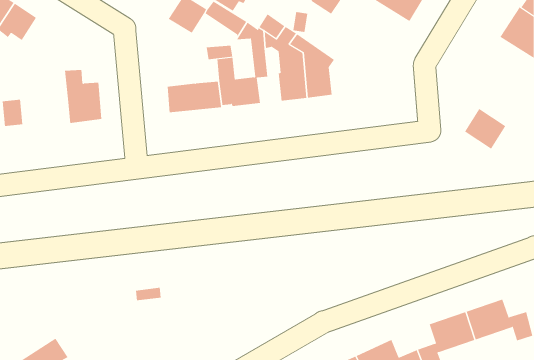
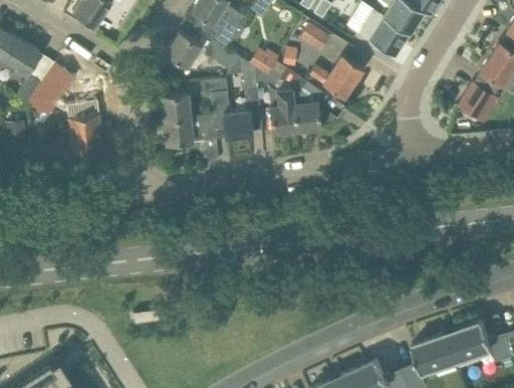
building: none -> [310,55,362,98]
building: none -> [17,63,75,115]
building: none -> [161,92,191,120]
building: [464,108,506,149] -> [459,83,499,123]

